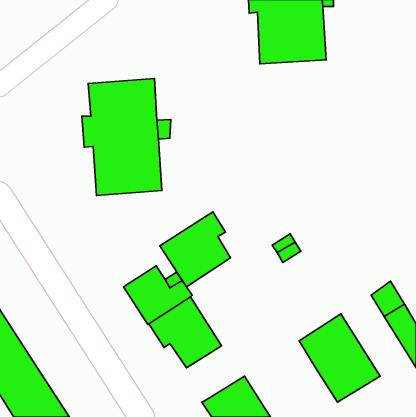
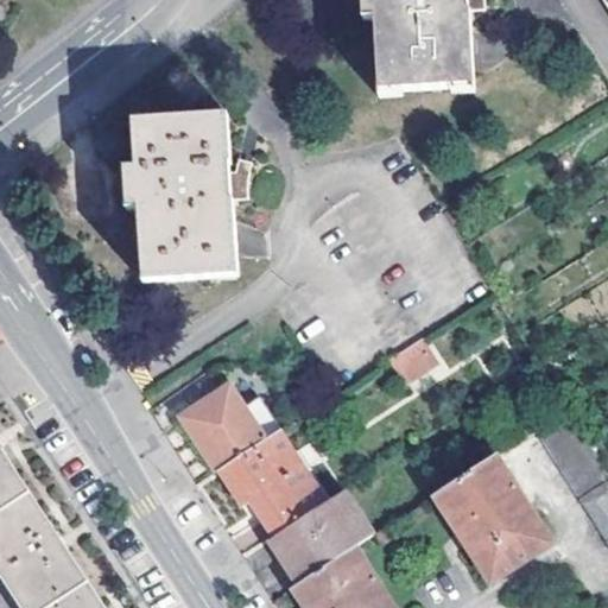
building: [160,212,231,287] -> none
building: none -> [268,489,372,582]

